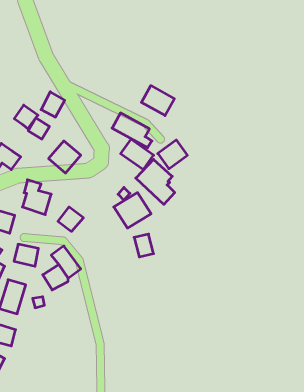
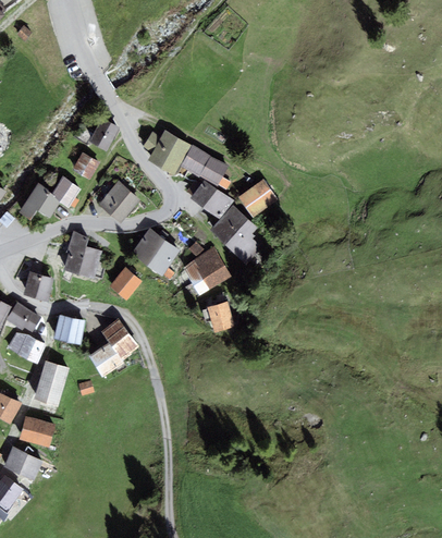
building: [141,86,174,116] -> none
building: none -> [149,132,191,174]
building: [14,105,38,129] -> [51,178,82,208]
building: none -> [132,228,180,279]

